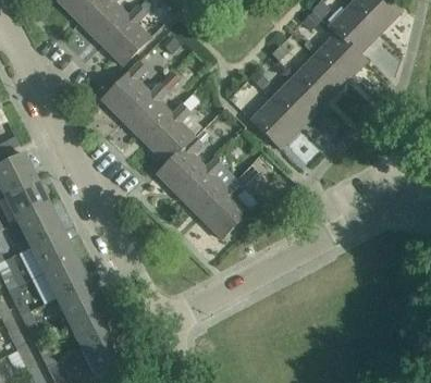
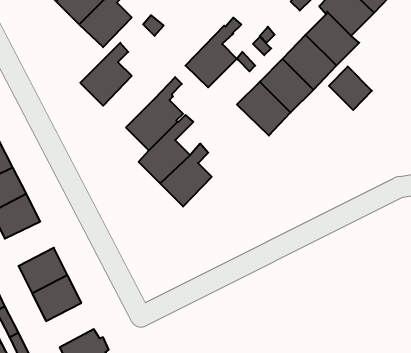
building: [123,74,176,140] -> [185,18,241,87]
building: none -> [329,66,372,110]
building: [199,163,258,237] -> none
building: [29,230,76,272] -> none
building: [69,307,114,349] -> none

